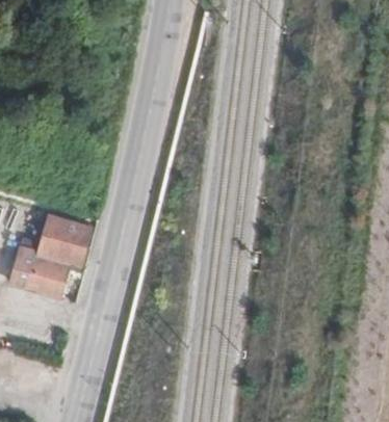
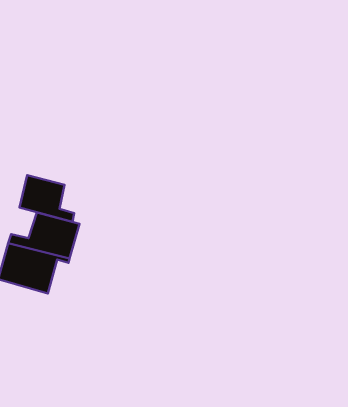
building: none -> [20,175,74,222]

